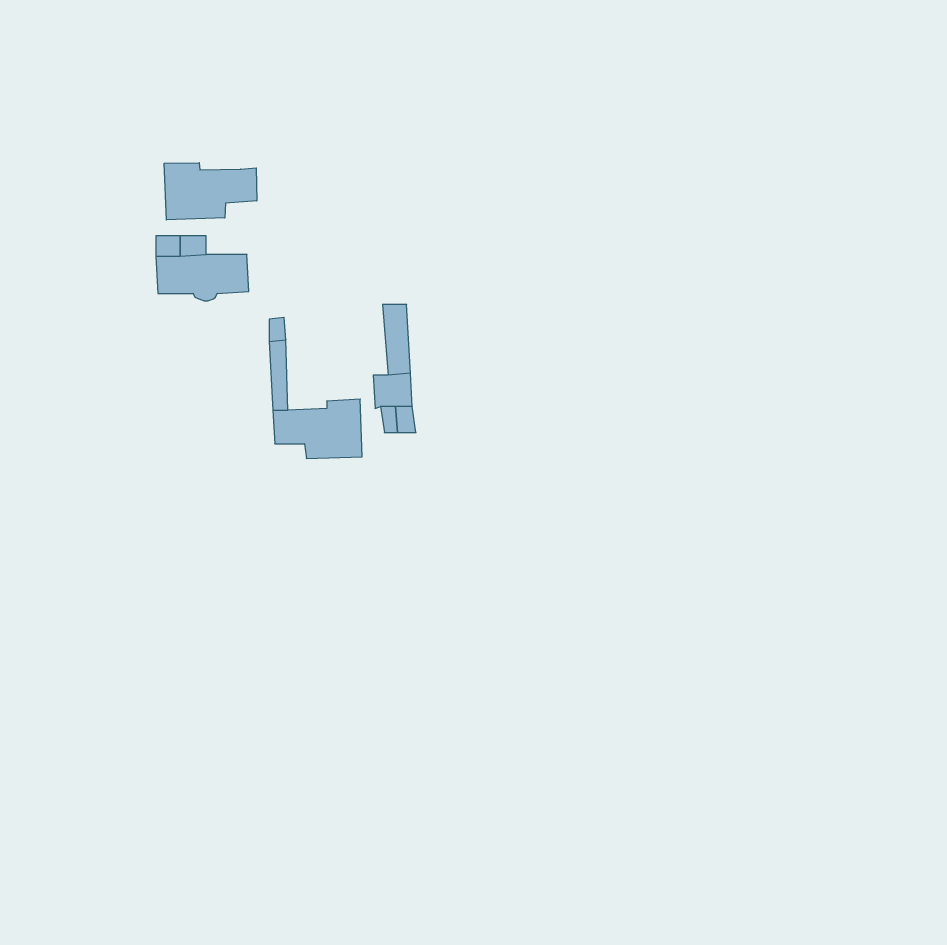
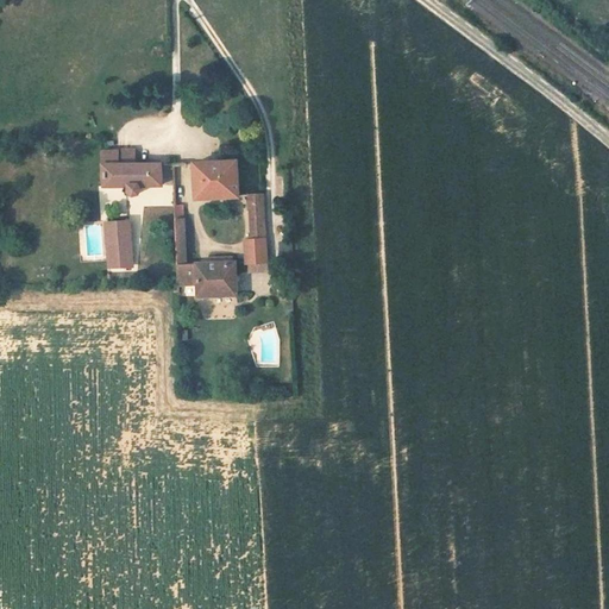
building: [164,163,257,220] -> none
building: none -> [192,161,238,197]
building: none -> [105,221,131,265]

